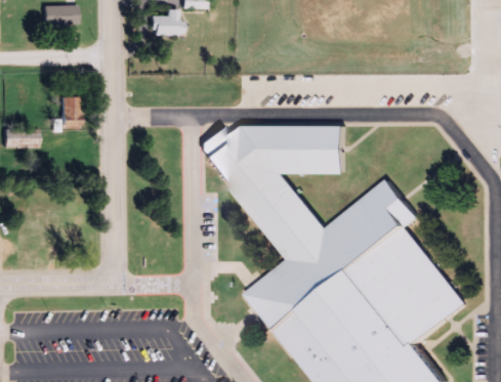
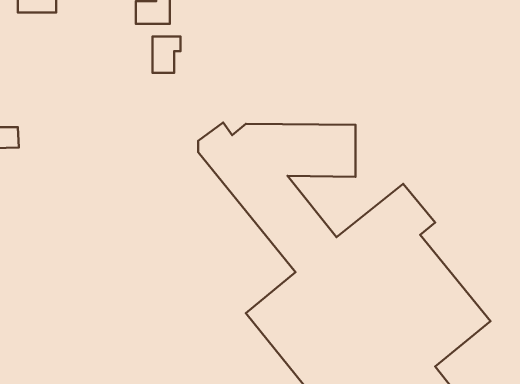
building: none -> [152,37,181,73]
building: [62,96,82,128] -> none

